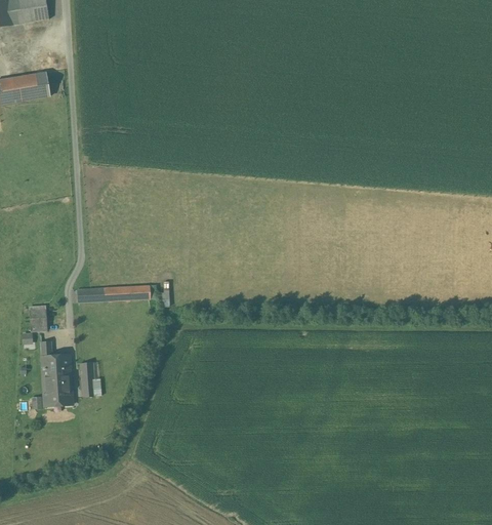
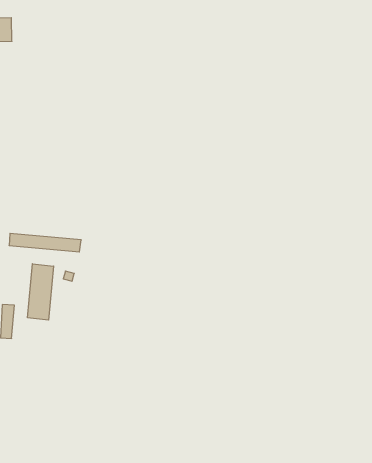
building: none -> [28,264,54,320]

